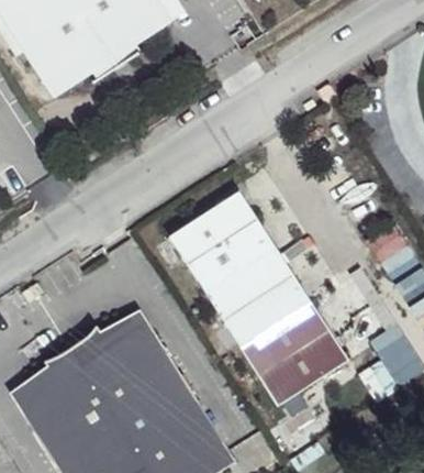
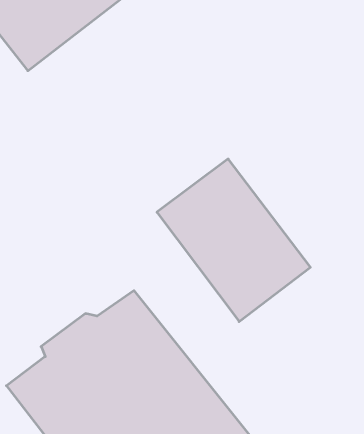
building: [238,303,350,409] -> none

